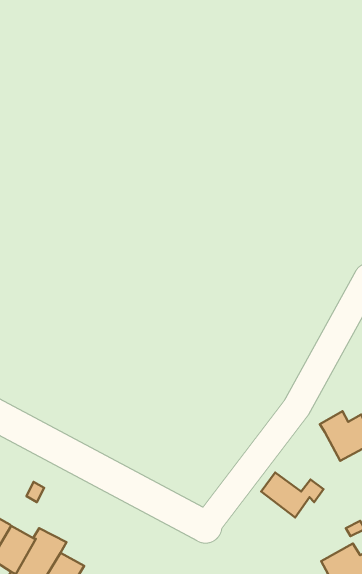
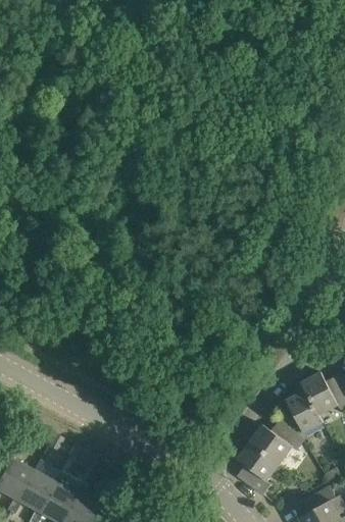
building: none -> [287,390,324,432]
building: none -> [238,441,281,494]

